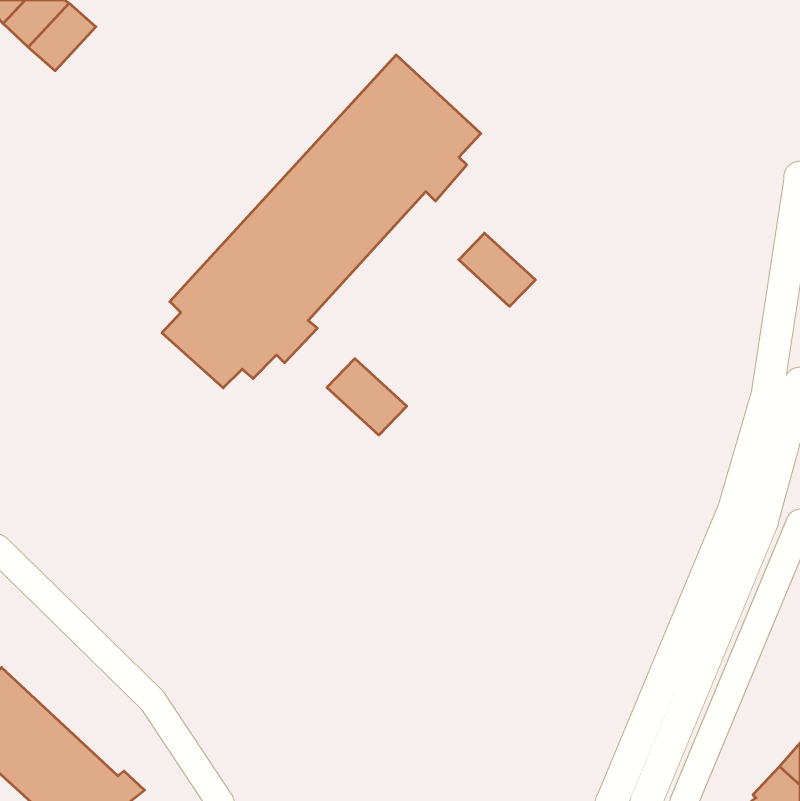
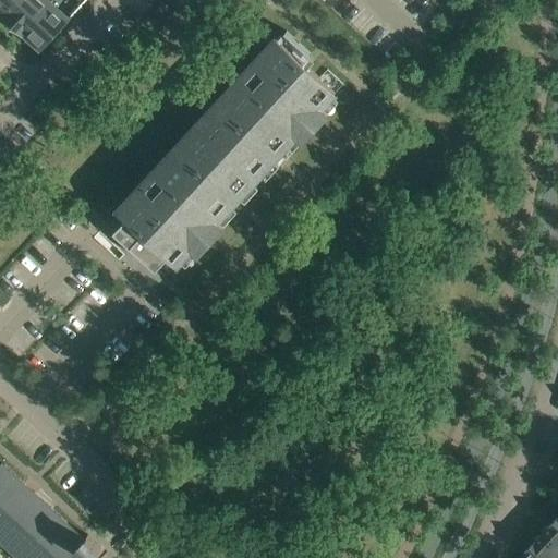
building: [459,233,535,306] -> none
building: [327,359,407,435] -> none

